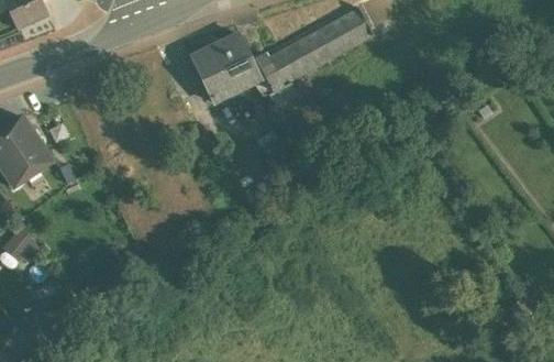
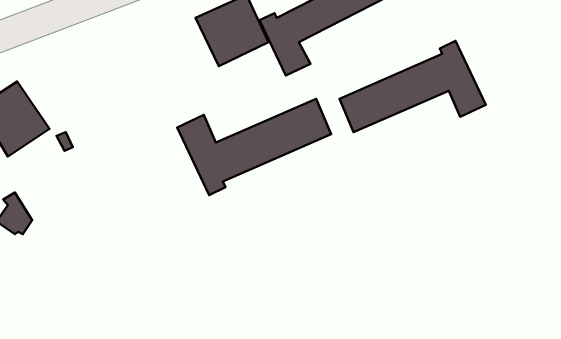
building: none -> [339,41,486,132]
building: none -> [177,99,331,195]

